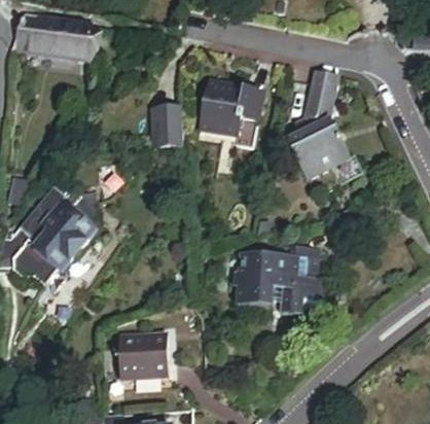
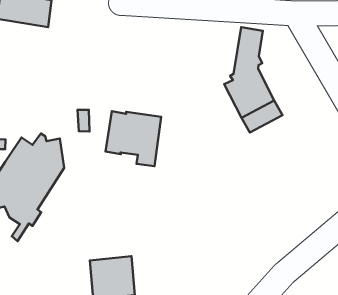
building: [196,81,263,148] -> [105,111,161,166]
building: [156,98,184,129] -> none
building: [225,246,315,313] -> none

